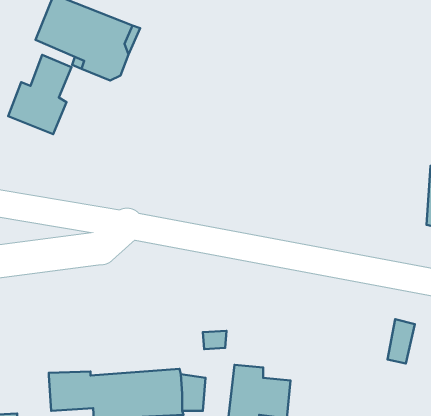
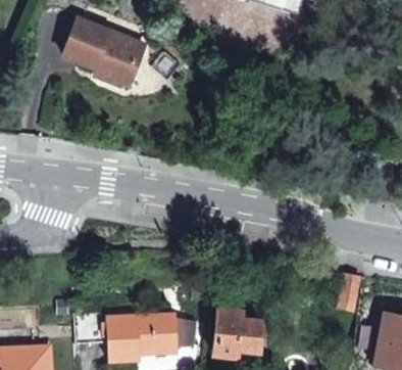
building: [8,55,71,134] -> none

